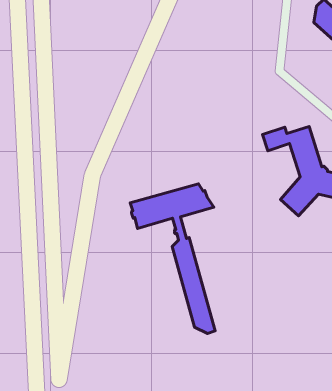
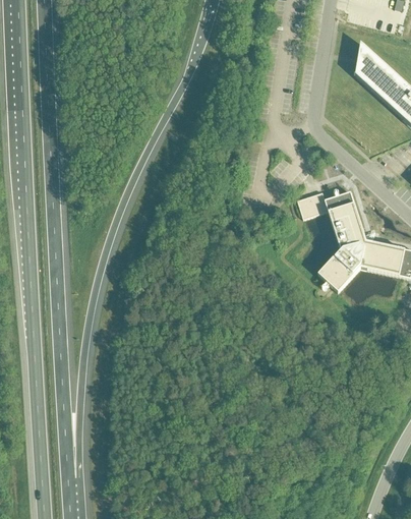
building: [130,184,215,334] -> none

